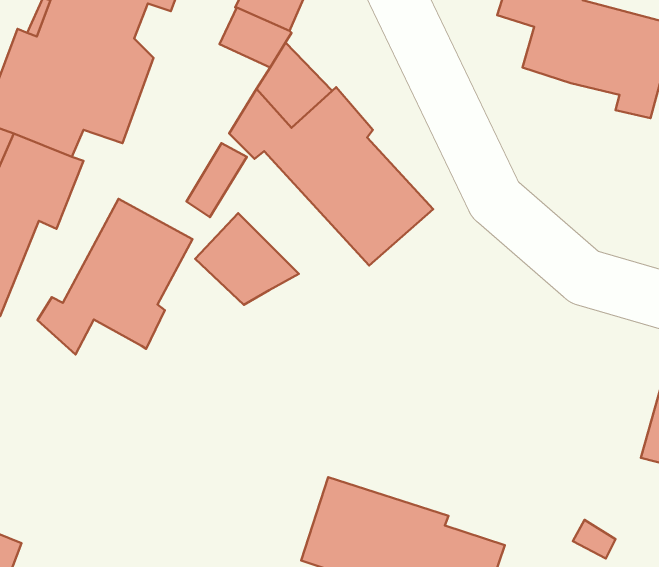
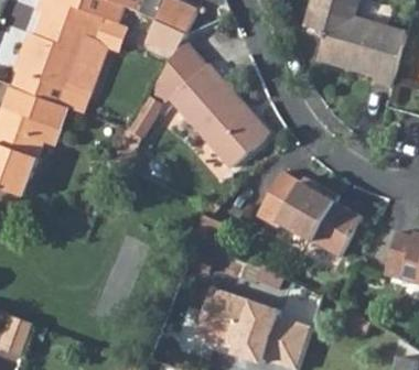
building: [38,199,193,355] -> none
building: [195,213,299,305] -> none
building: none -> [258,172,363,255]

